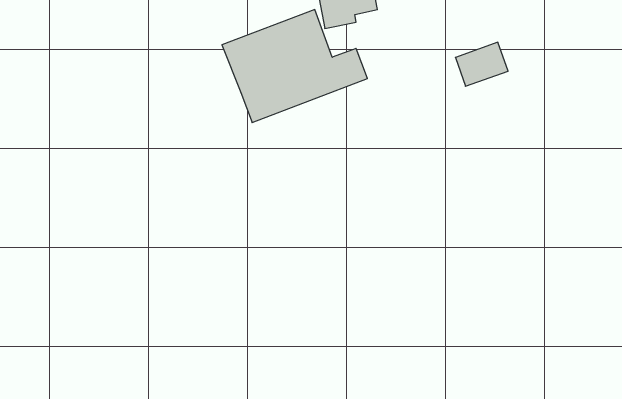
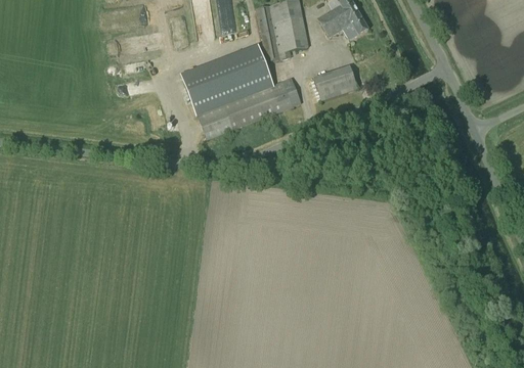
building: [455,42,508,86] -> [314,63,357,99]

